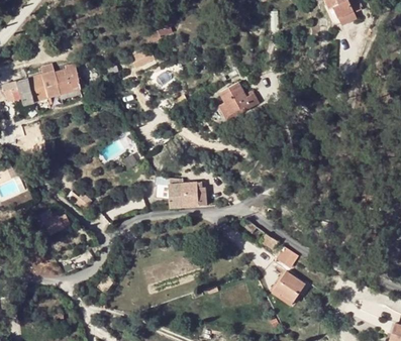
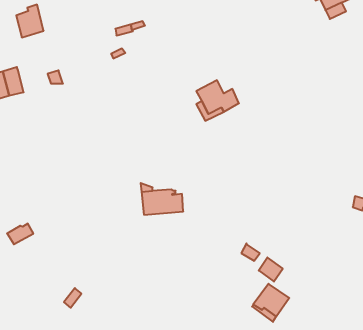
building: [55,64,80,94] -> [16,5,44,37]

